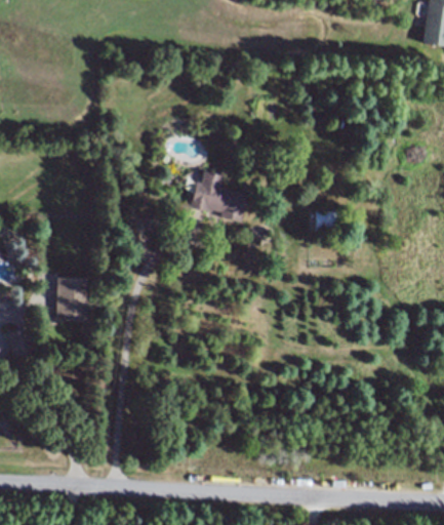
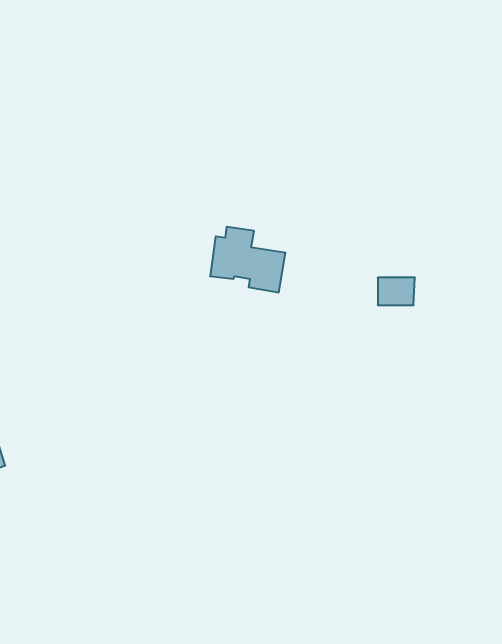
building: [56,278,90,320] -> none

